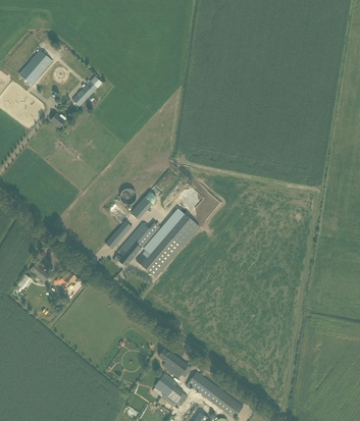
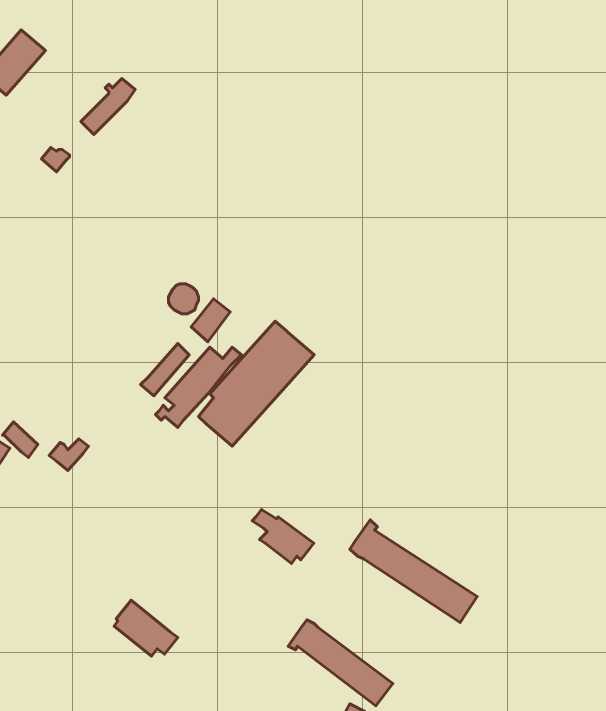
building: none -> [350,520,477,623]
building: [157,348,191,377] -> [252,510,314,564]
building: [152,374,187,405] -> [114,600,178,656]

